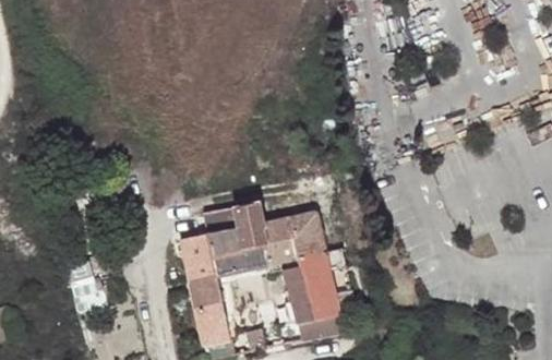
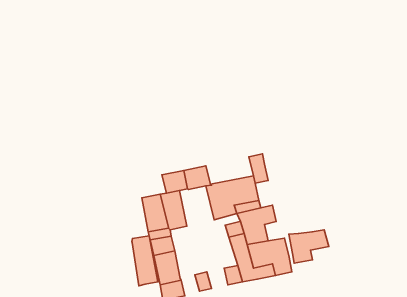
building: [226,224,267,272] -> none
building: none -> [289,230,329,263]
building: none -> [132,236,158,286]

